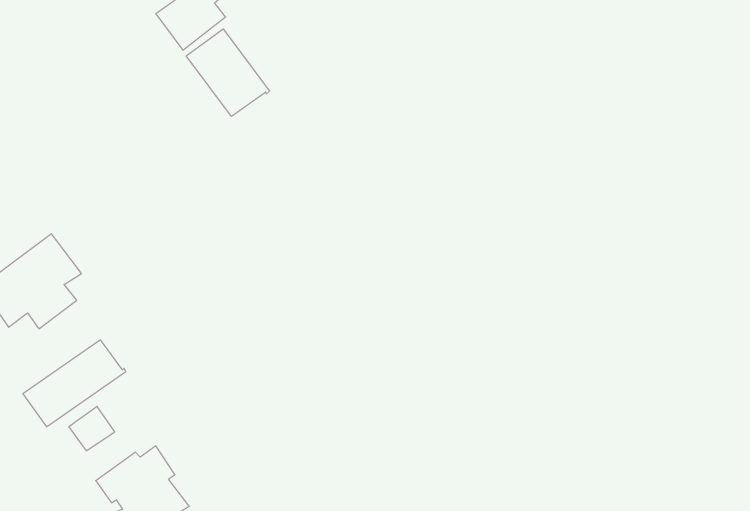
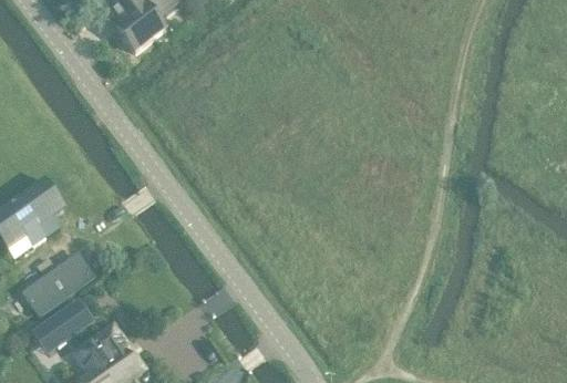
building: [186,29,269,116] -> none
building: none -> [31,317,65,352]

